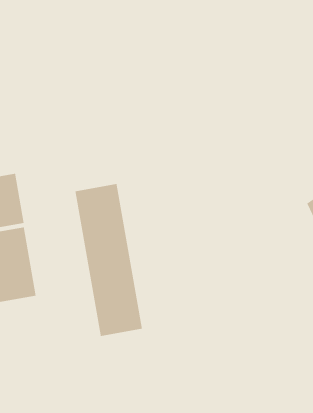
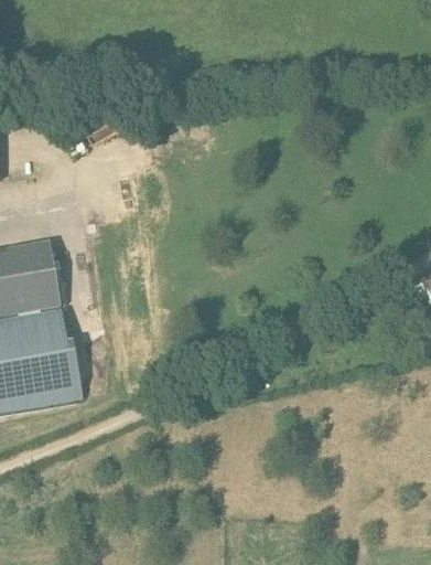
building: [75,183,142,337] -> none

